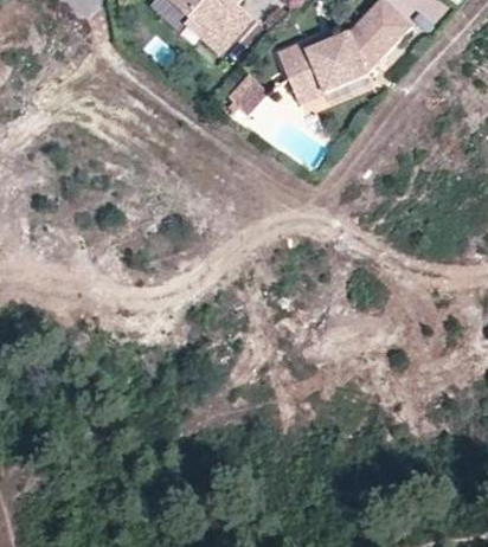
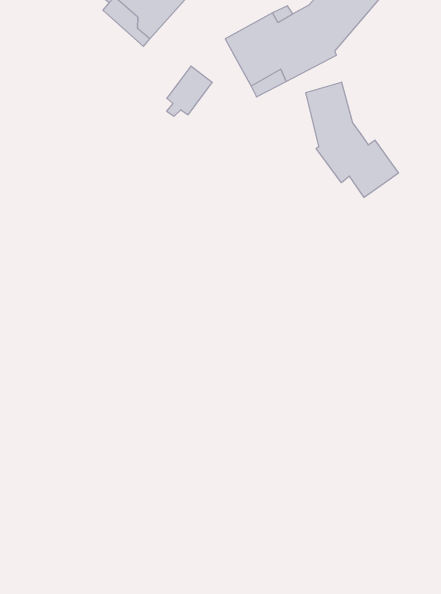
building: none -> [306,82,398,197]

